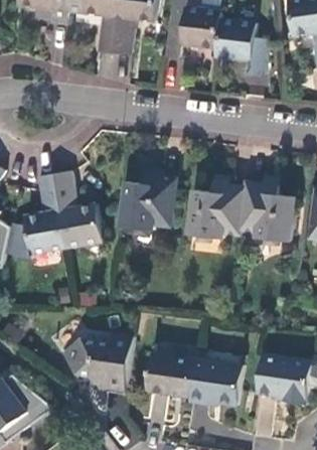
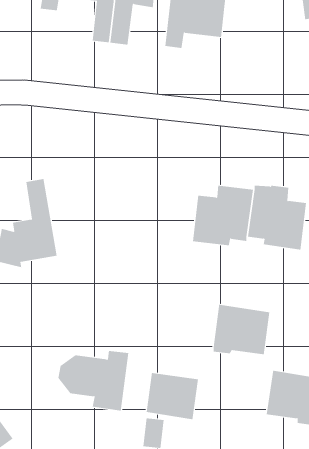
building: [215,19,269,76] -> none
building: [54,173,102,247] -> none
building: [119,173,175,230] -> none
building: [190,357,243,404] -> [213,304,270,355]

